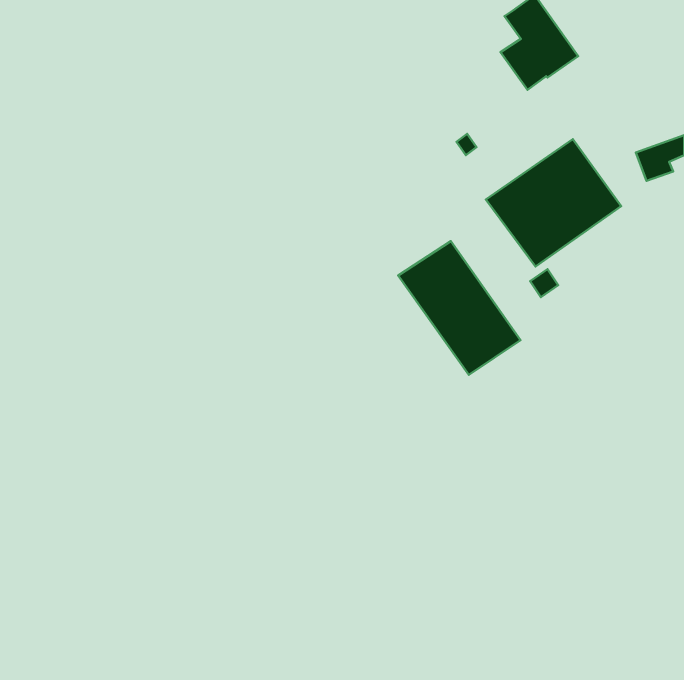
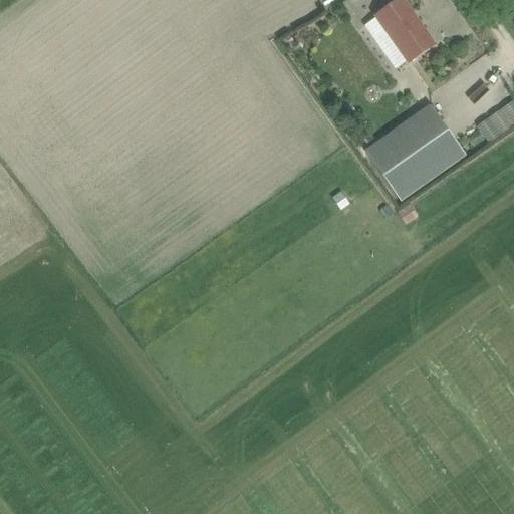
building: [398,241,520,375] -> none

